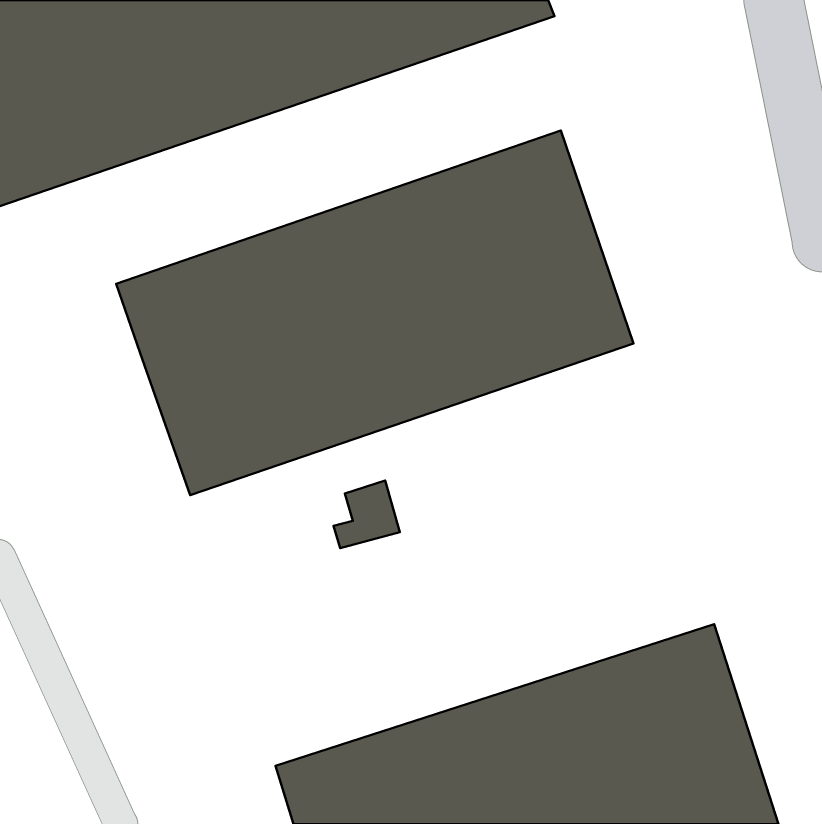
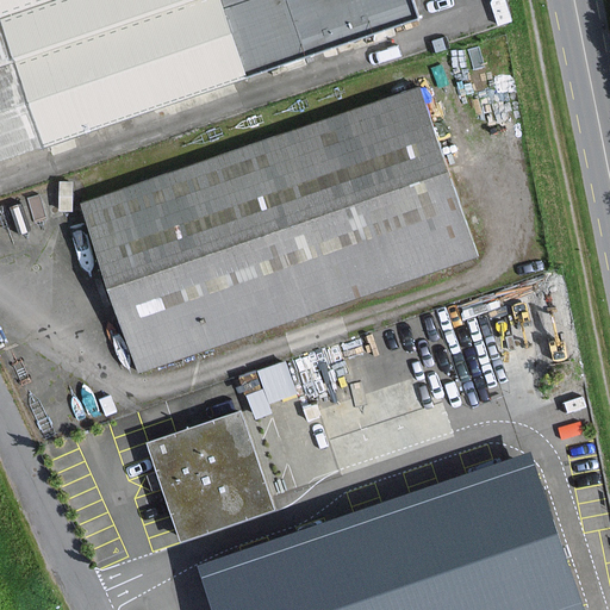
building: none -> [151,416,276,537]

